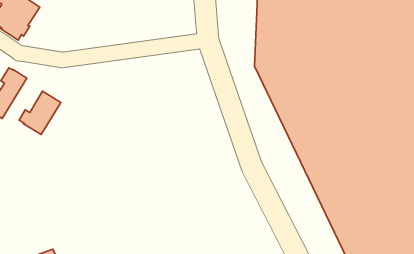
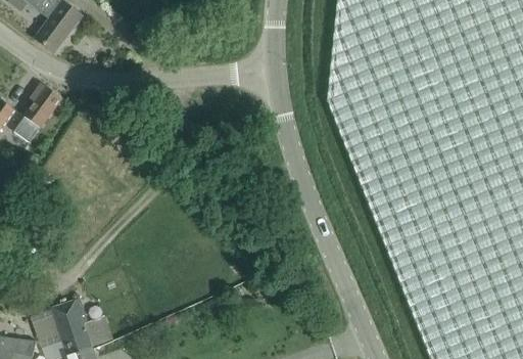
building: [19,91,61,134] -> none

